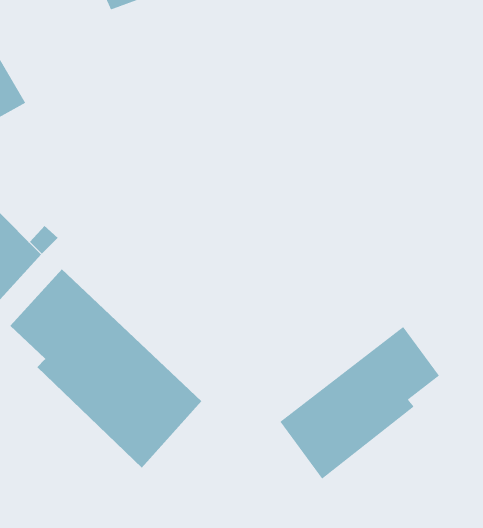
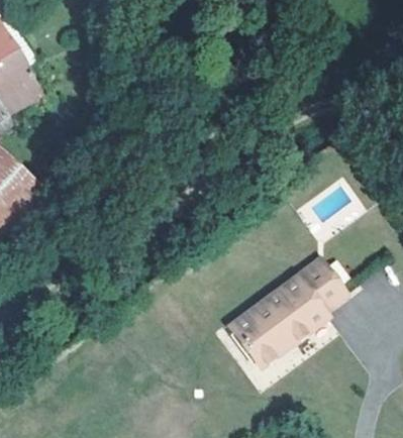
building: [9,268,202,468] -> none

